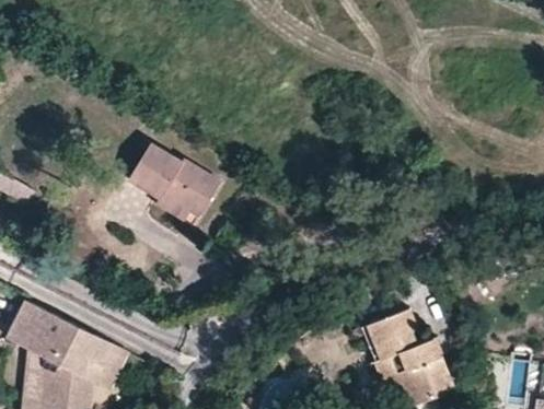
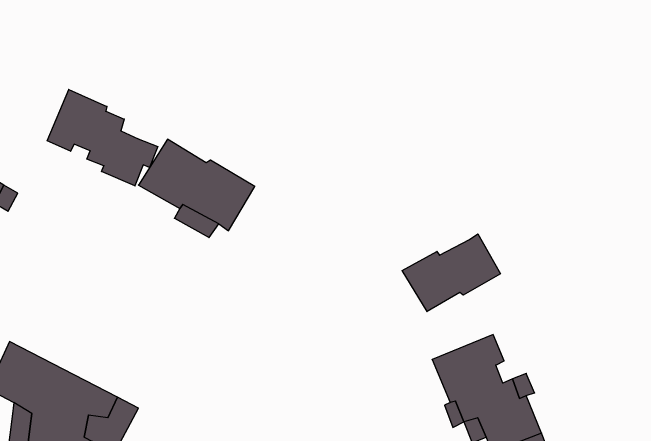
building: none -> [47,89,158,186]
building: none -> [402,234,500,312]

